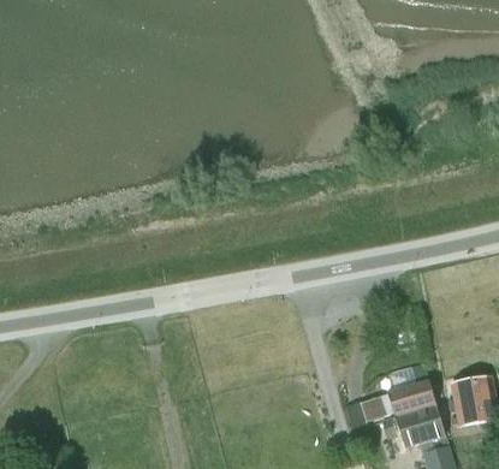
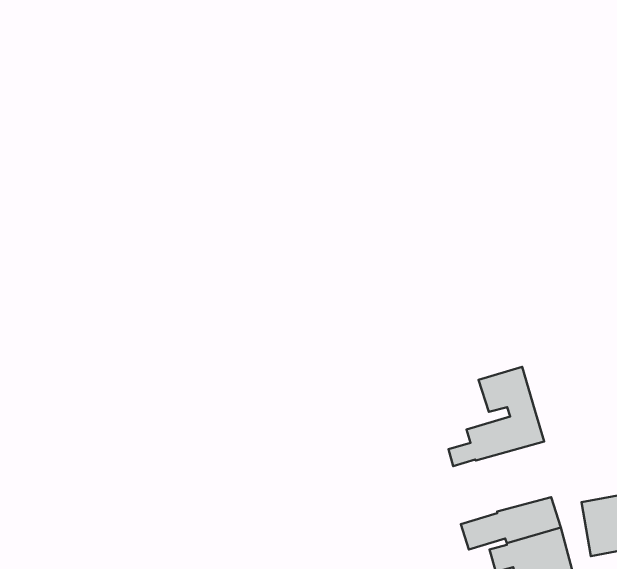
building: none -> [449,367,544,466]

